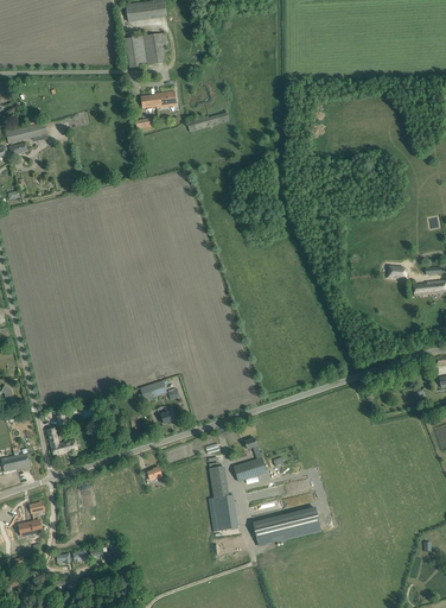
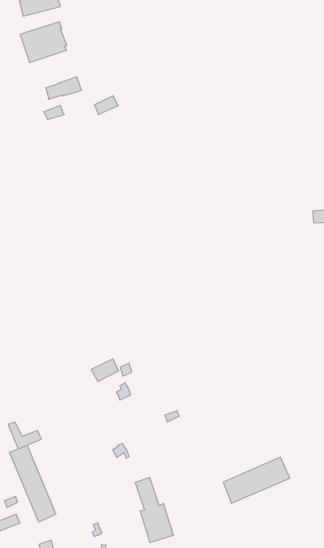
building: [232,437,266,481] -> none
building: none -> [10,445,56,522]
building: [208,466,237,531] -> [135,478,174,542]

